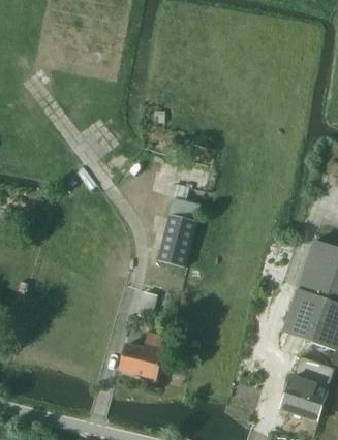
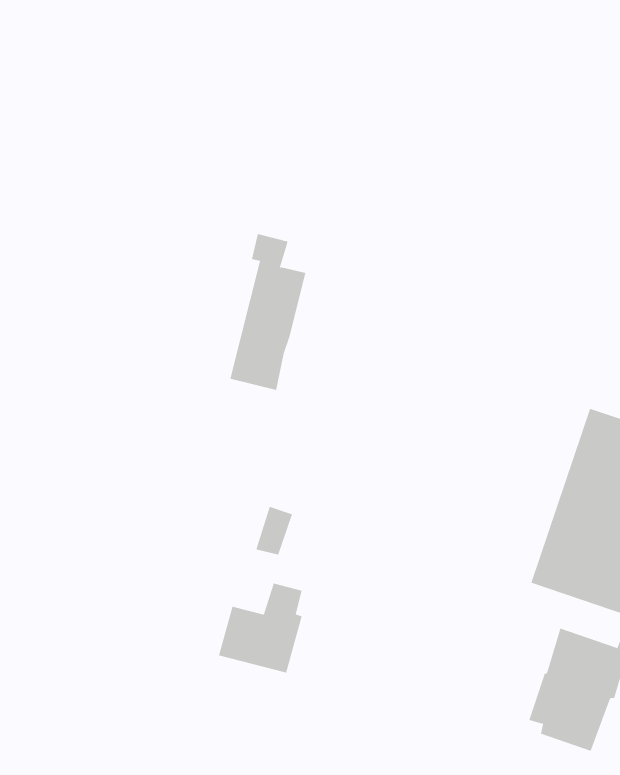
building: [158,184,198,266] -> [230,234,306,391]

